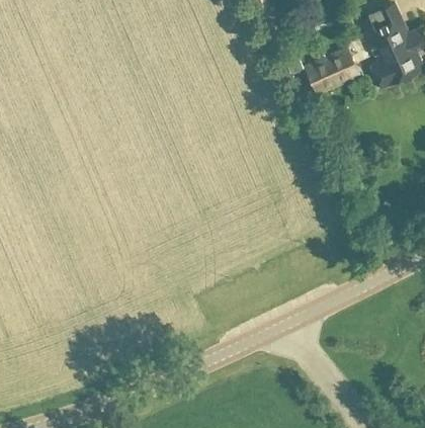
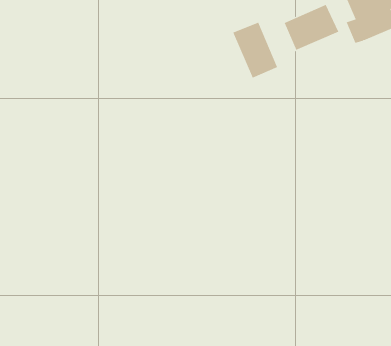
building: none -> [233,22,278,79]

